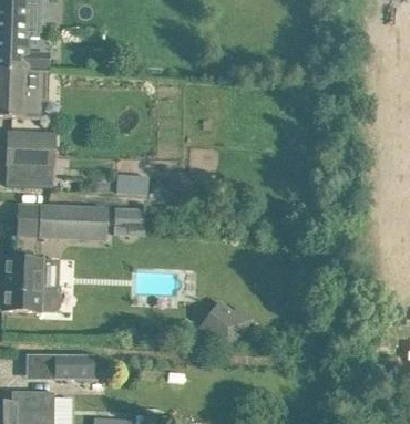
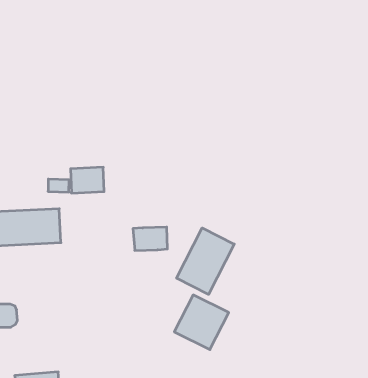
building: [114,208,145,229] -> [133,227,167,250]
building: none -> [177,228,234,294]

